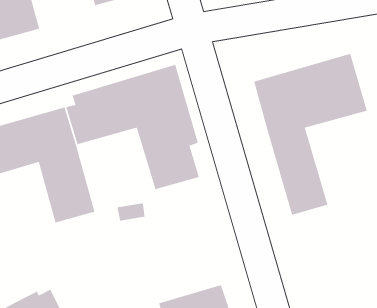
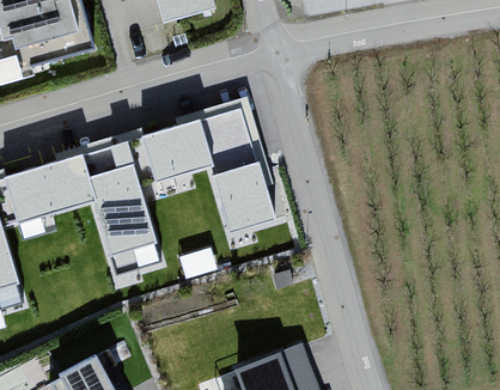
building: [253,53,368,216] -> none

